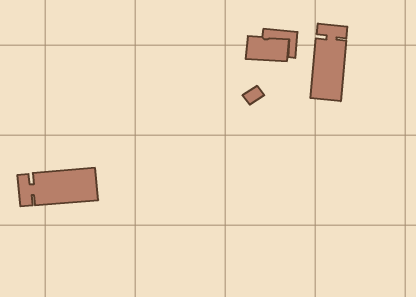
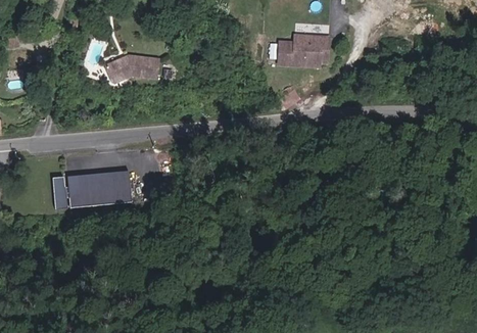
building: [310,23,347,101] -> none
building: none -> [105,56,159,83]

